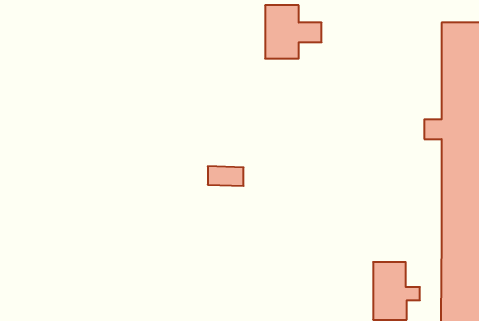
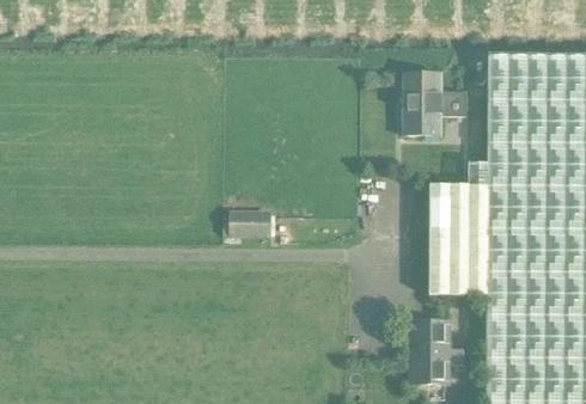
building: [265,5,322,59] -> [404,71,466,129]
building: none -> [431,182,488,292]

